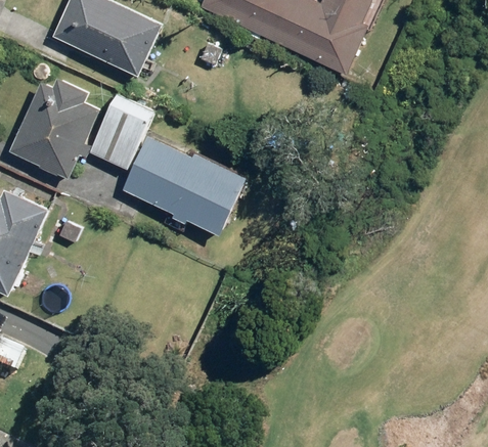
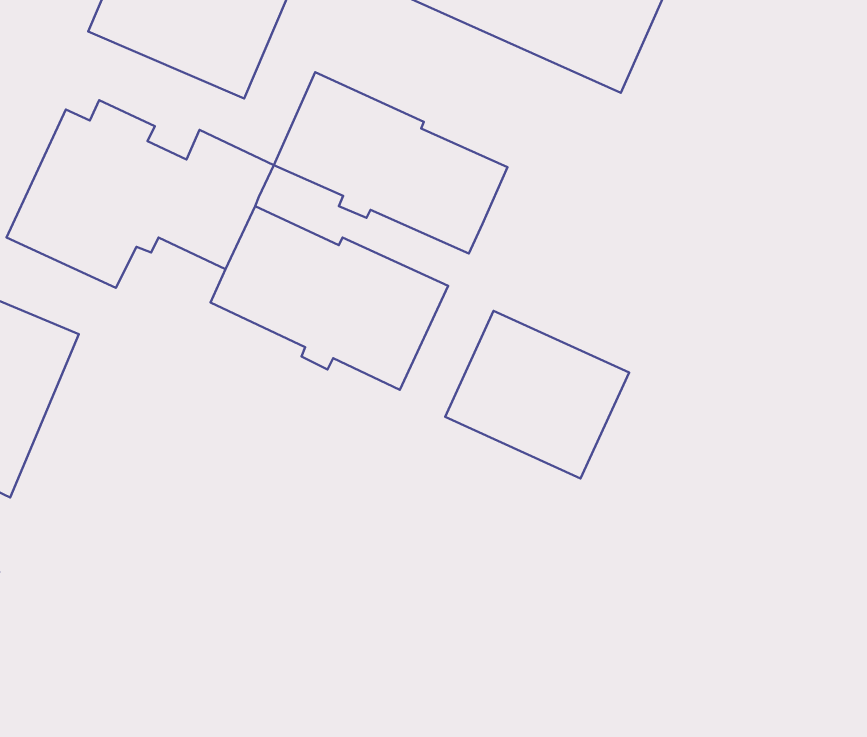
building: none -> [274,72,508,253]
building: none -> [445,311,629,479]

